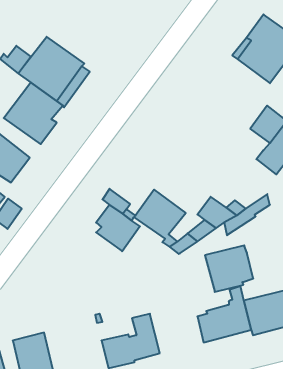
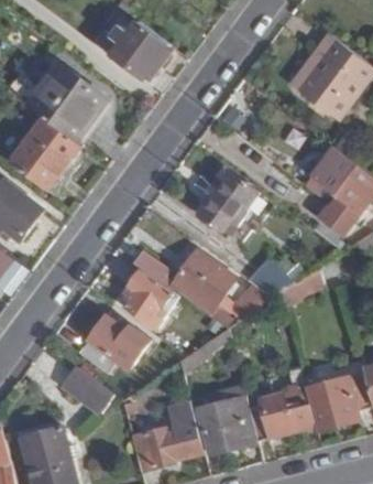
building: none -> [101,21,166,78]
building: none -> [197,170,255,229]
building: none -> [78,316,149,373]
building: [205,245,253,292] -> [195,397,254,454]
building: none -> [59,366,112,412]

